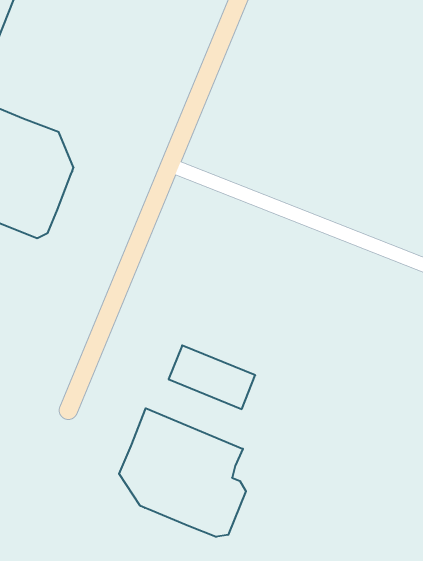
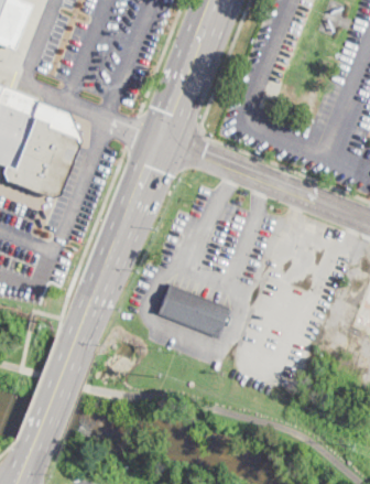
building: [119,408,246,537] -> none

